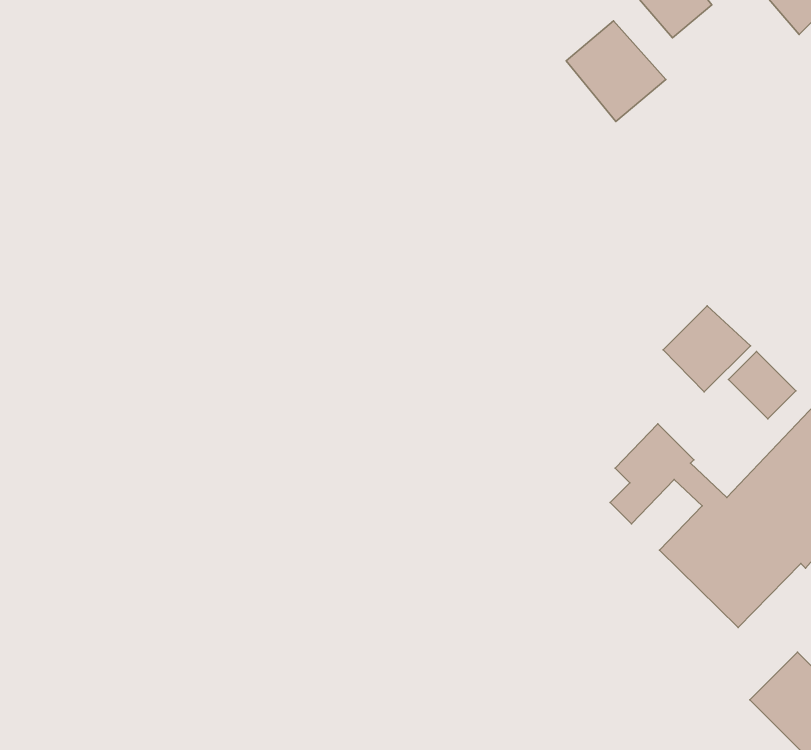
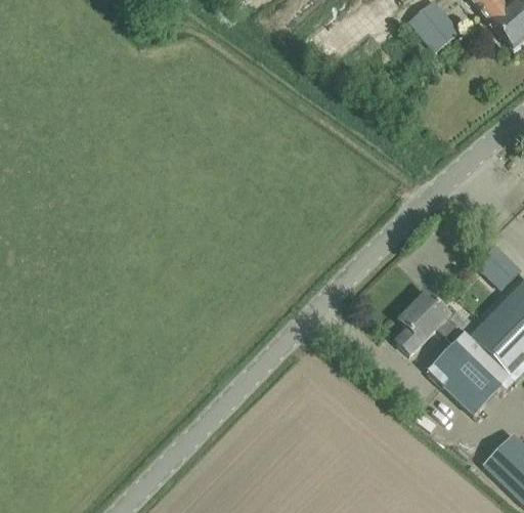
building: [566,21,666,121] -> none
building: [663,306,750,392] -> none

